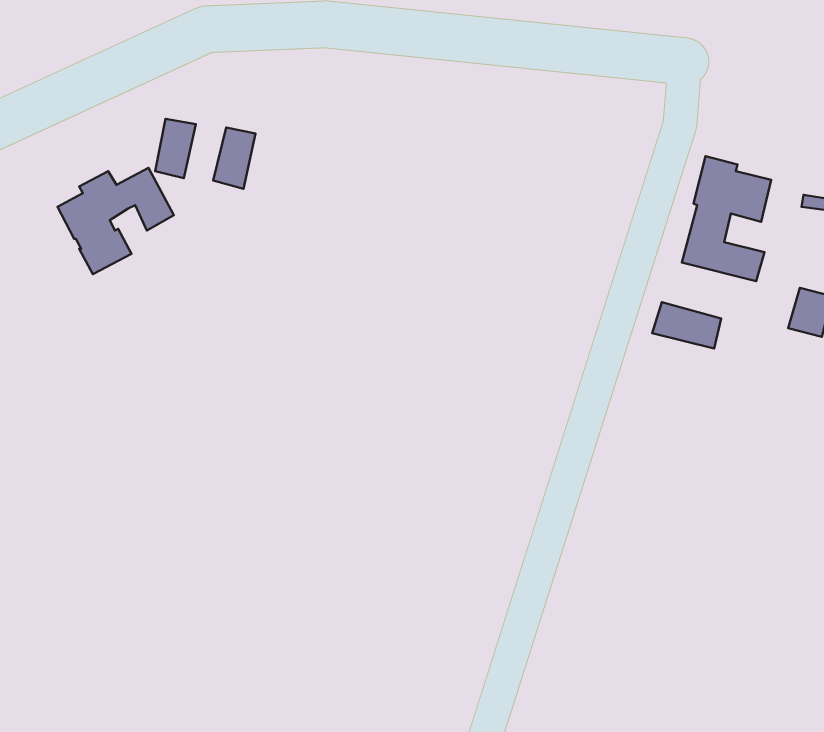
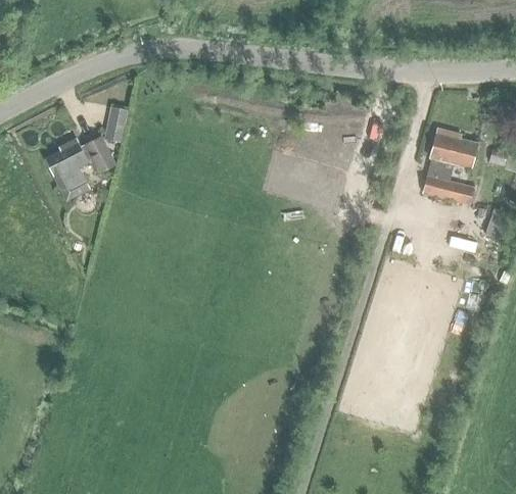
building: [213,128,256,189] -> none
building: [652,302,721,349] -> none

